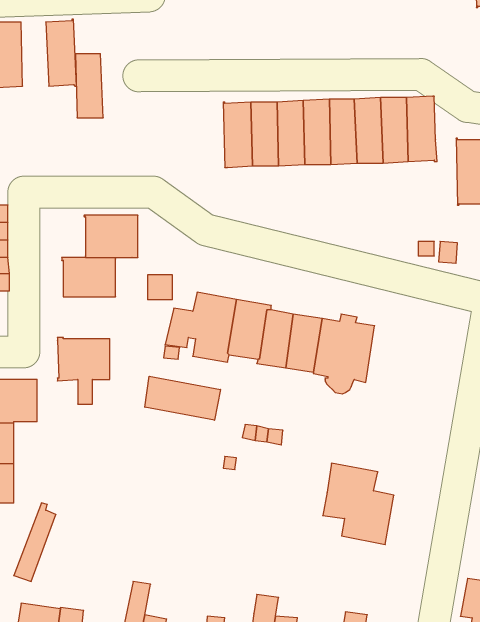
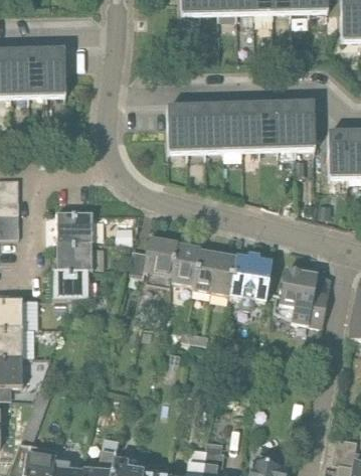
building: [76,54,103,118] -> [27,50,46,95]
building: [84,215,138,257] -> [55,241,93,270]
building: [145,376,220,420] -> none
building: [323,463,394,545] -> [279,269,328,325]

